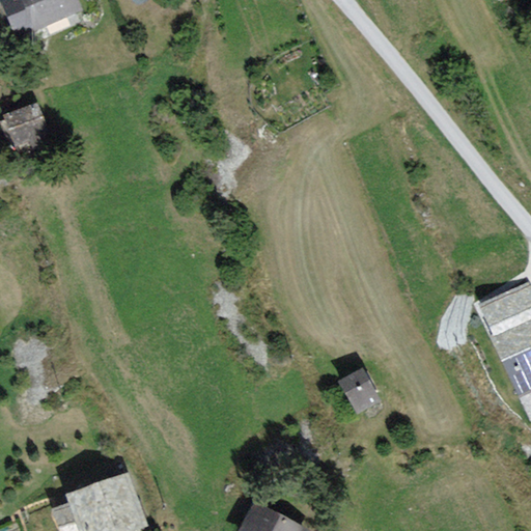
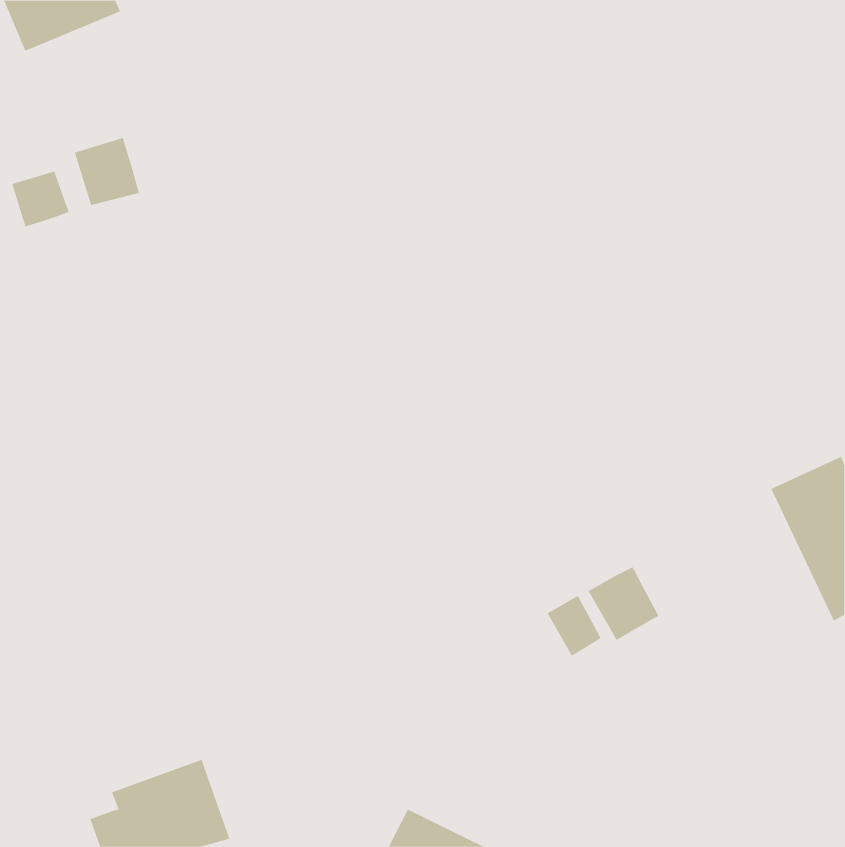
building: none -> [74,137,139,206]
building: none -> [588,566,659,641]

